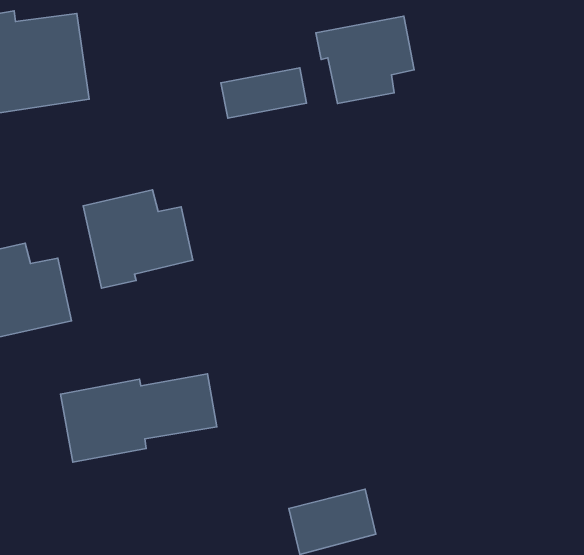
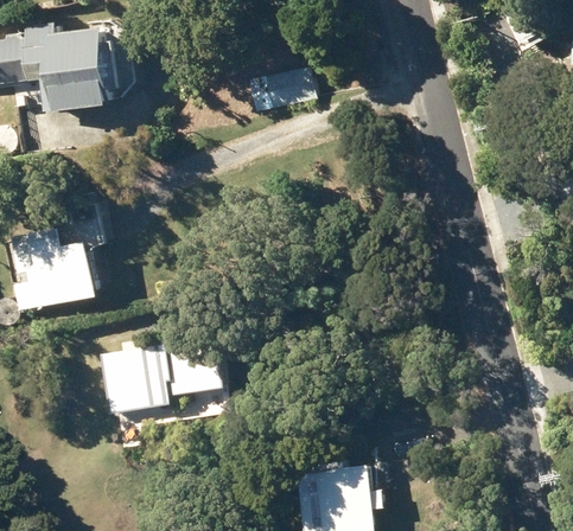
building: [316,16,414,103] -> none
building: [83,190,193,288] -> none

